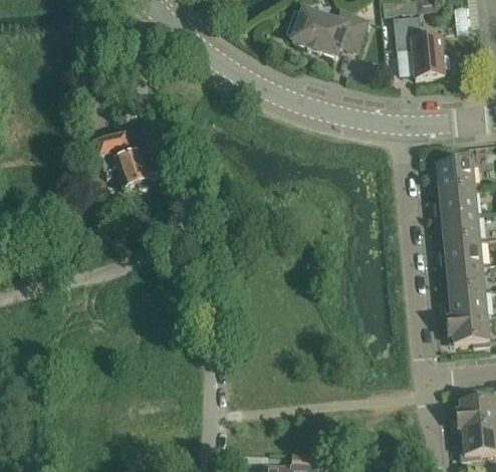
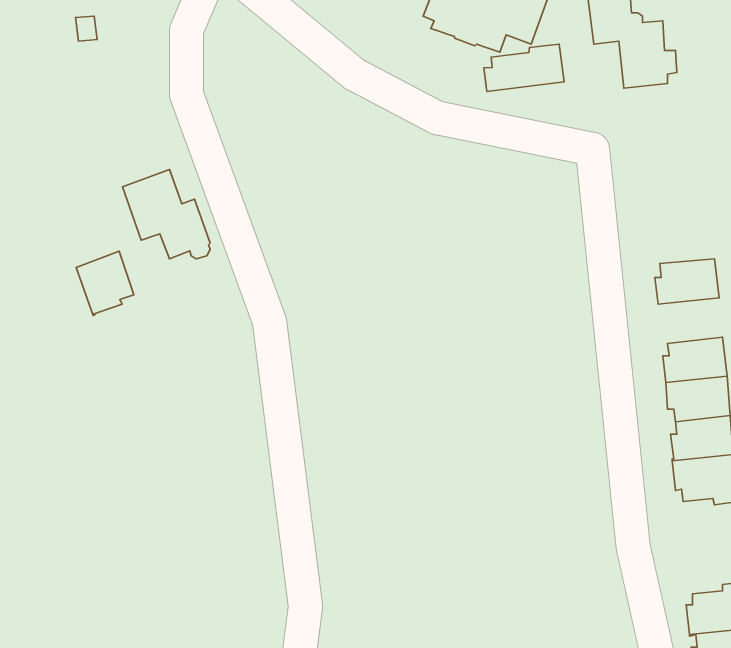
building: none -> [484,44,564,92]
building: [434,150,475,191] -> none
building: none -> [76,251,134,316]
building: [439,213,480,242] -> none

